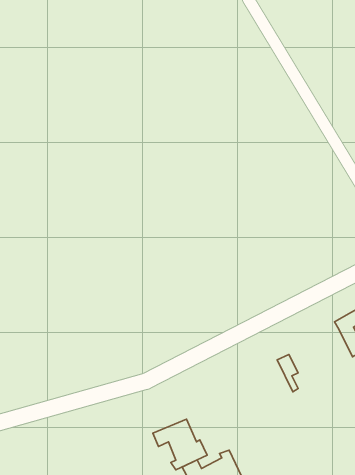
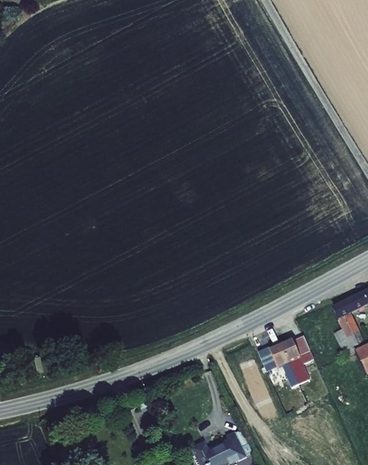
building: none -> [268,342,297,375]
building: [153,419,207,470] -> none

